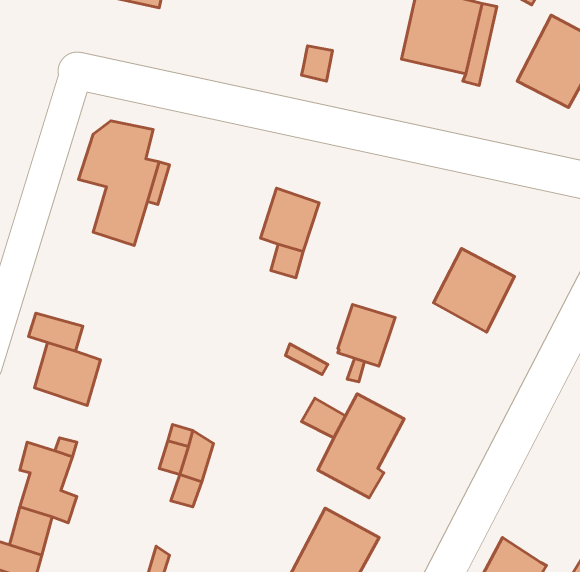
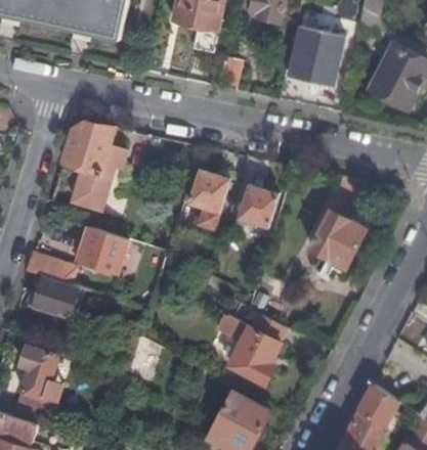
building: none -> [77,226,128,275]
building: [338,304,395,366] -> [238,184,277,227]
building: none -> [357,385,404,429]

